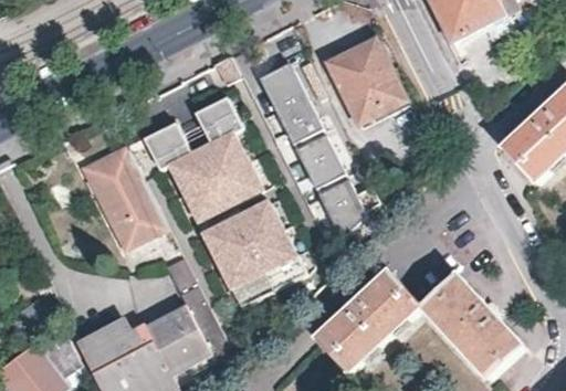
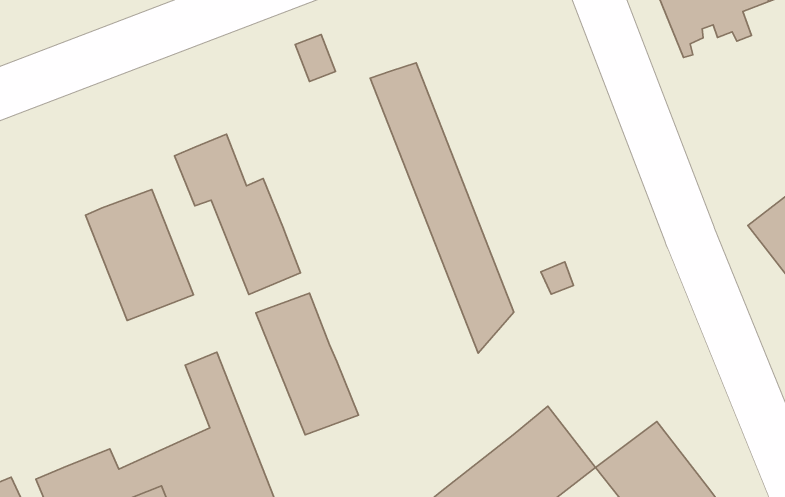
building: [323,36,405,126] -> none
building: [191,95,259,202] -> none
building: [233,198,303,287] -> none

